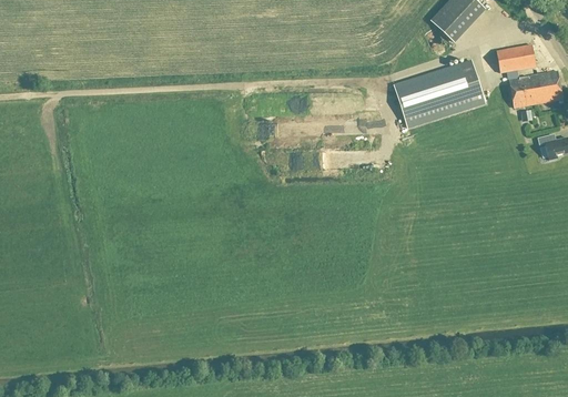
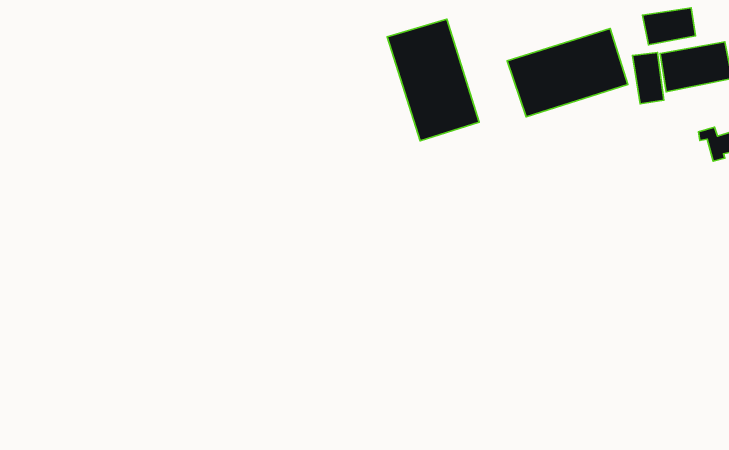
building: none -> [387,19,479,141]
building: none -> [632,53,664,104]

